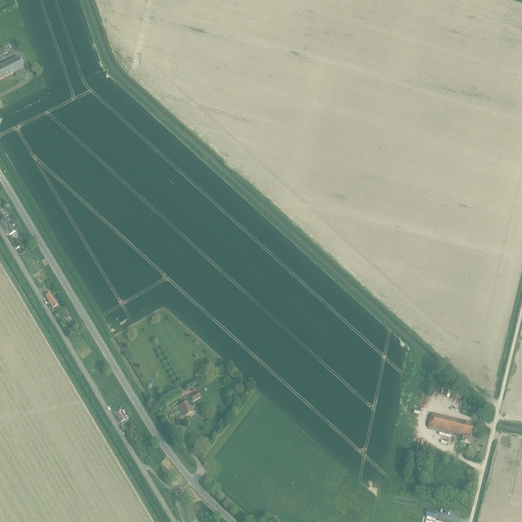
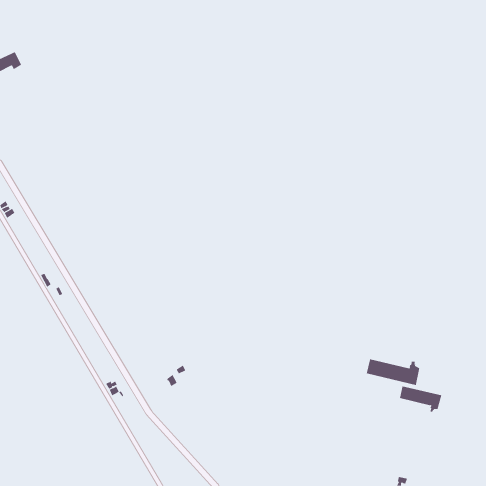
building: none -> [366,358,420,386]

